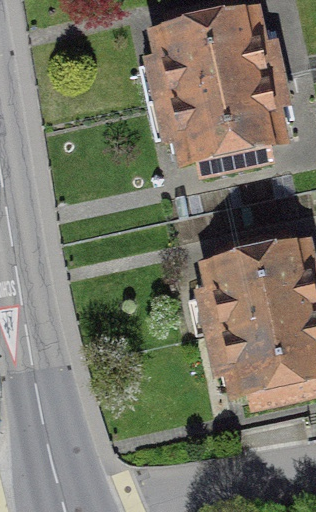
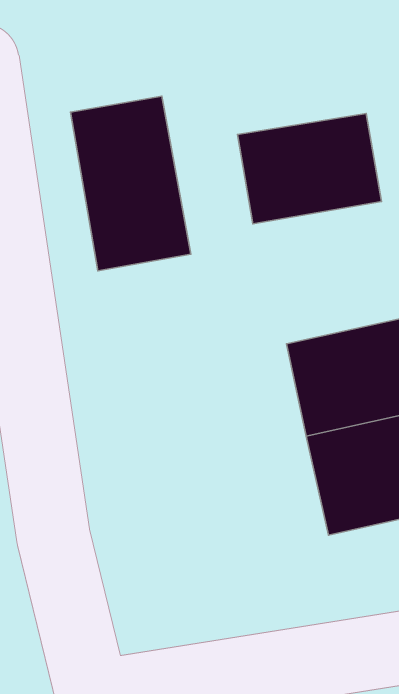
building: [164,26,266,99] -> none
building: none -> [70,96,191,271]

